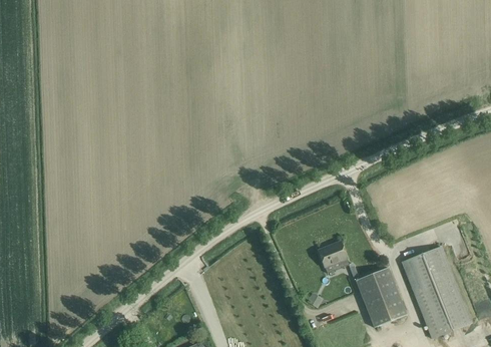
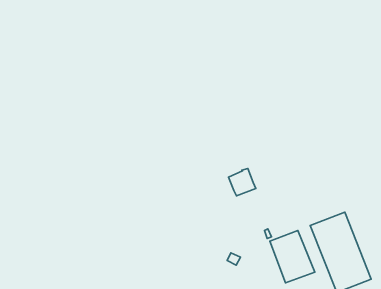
building: [319,241,350,272] -> [228,168,256,196]

